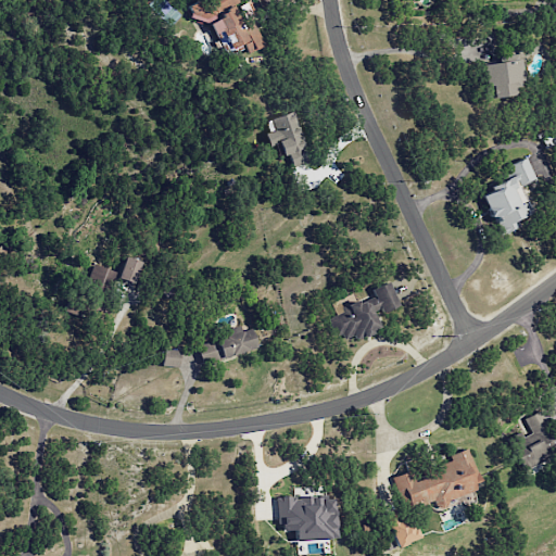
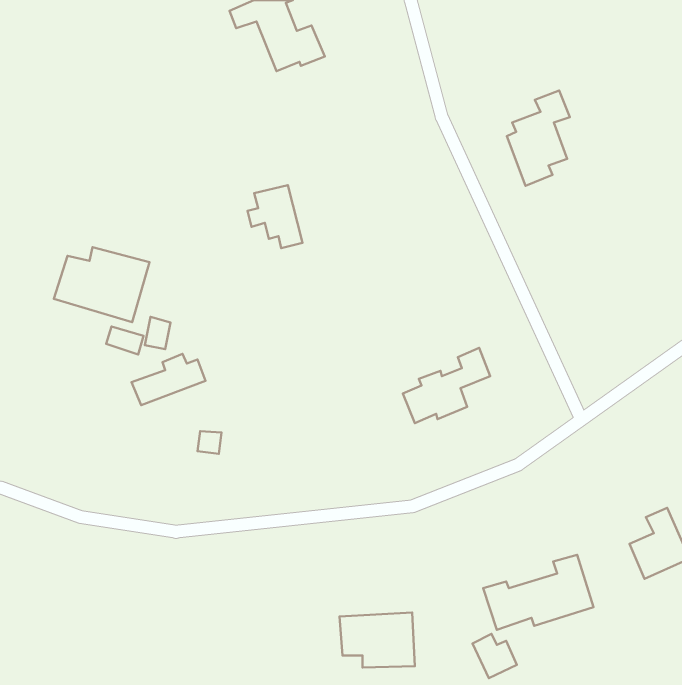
building: [484,60,526,99] -> none
building: [266,113,311,164] -> [247,185,303,248]
building: [485,159,536,236] -> [507,90,570,186]
building: none -> [54,247,150,322]
building: [198,325,257,366] -> [132,354,205,405]

